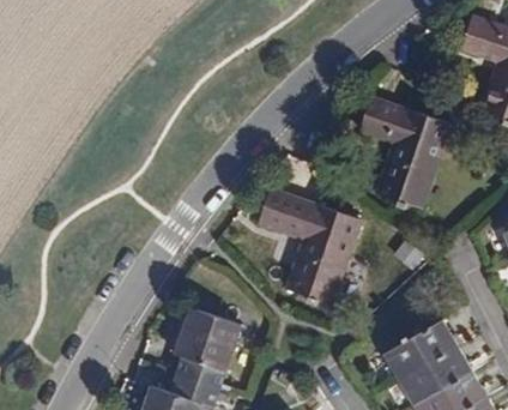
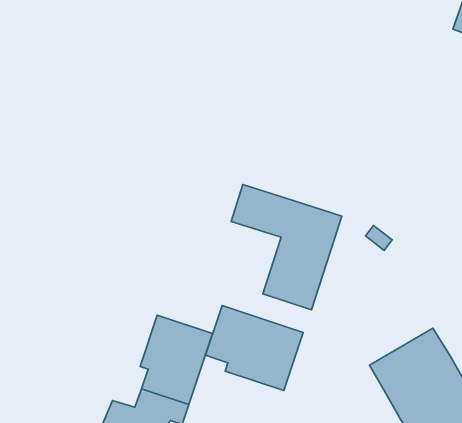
building: [359,97,450,209] -> none
building: none -> [205,305,303,391]

